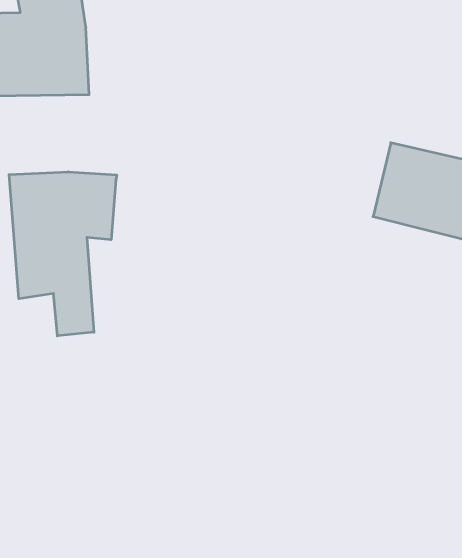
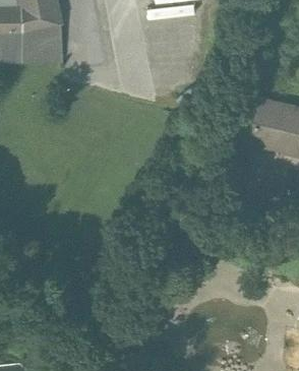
building: [9,172,117,336] -> none

